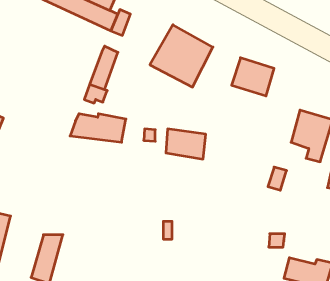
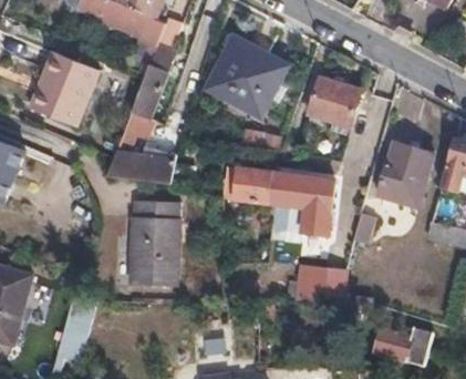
building: none -> [30,52,99,129]
building: none -> [271,173,333,236]
building: none -> [128,218,177,286]
building: none -> [294,263,348,299]

